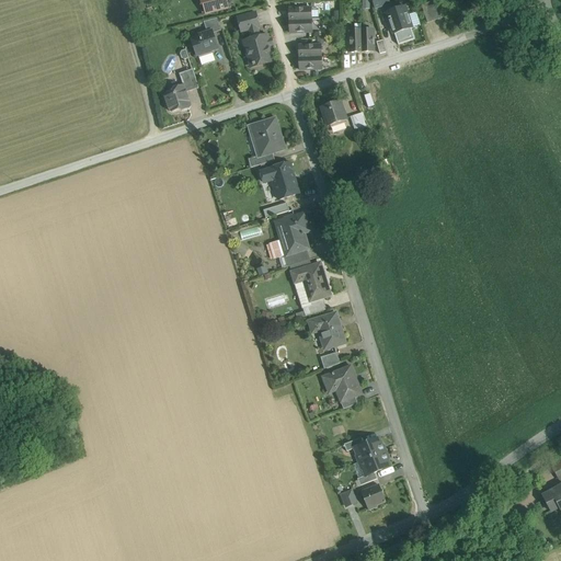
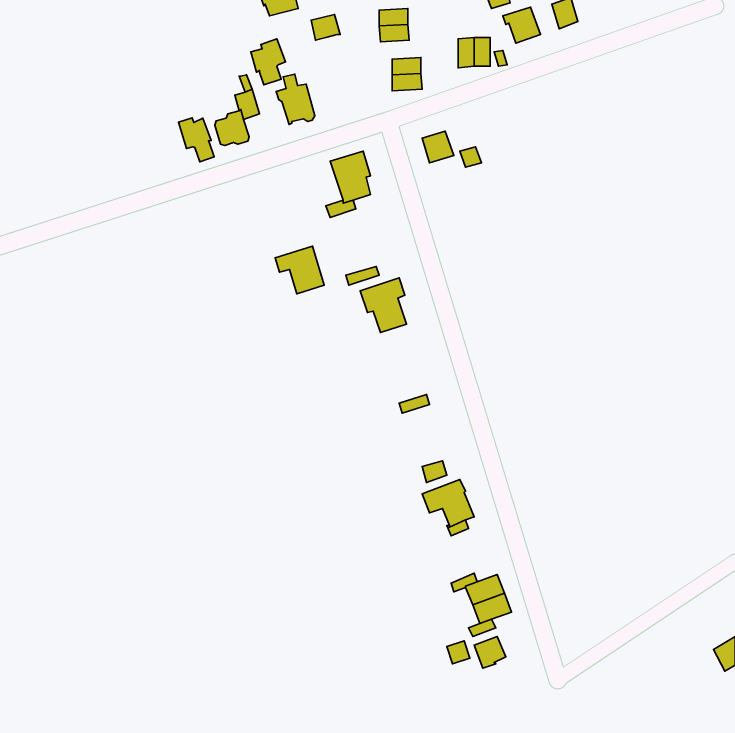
building: [242,26,272,65] -> [276,74,315,124]
building: none -> [178,118,214,162]
building: [261,161,298,197] -> [275,246,324,294]
building: [293,261,331,300] -> none
building: [310,312,344,347] -> none

